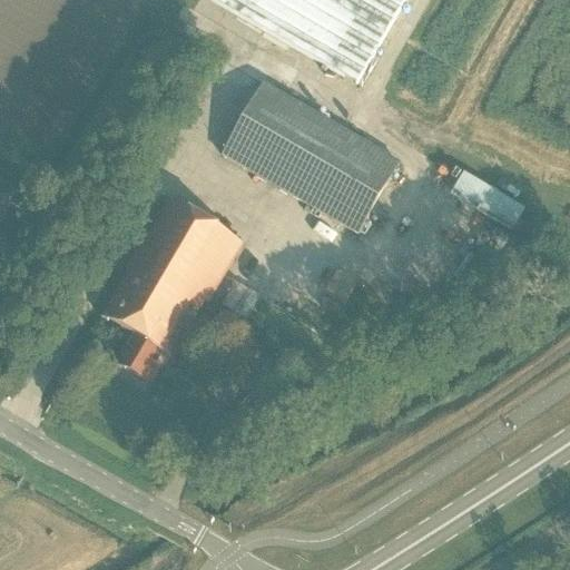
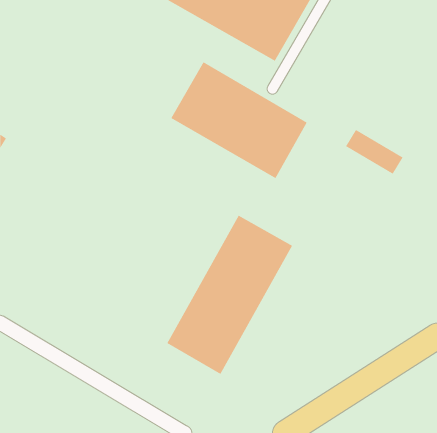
building: [101,197,239,382] -> none
building: none -> [167,215,293,375]

